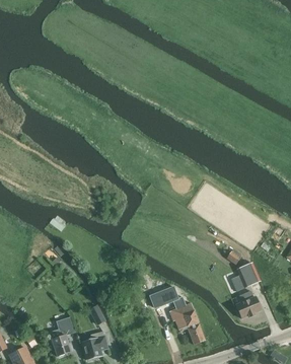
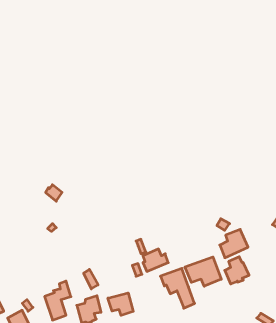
building: none -> [185,257,221,286]
building: none -> [108,293,133,315]

